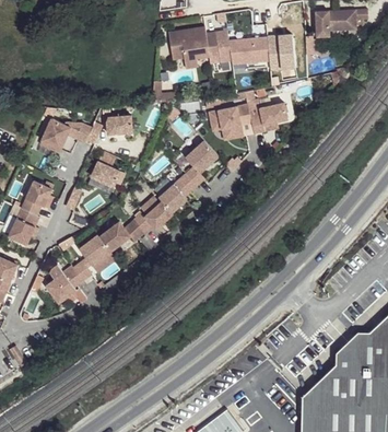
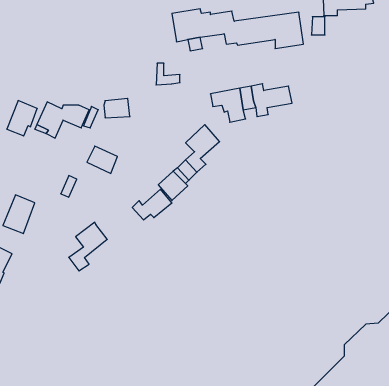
building: [20,180,49,214] -> [7,101,37,136]
building: [97,220,143,250] -> none
building: [45,266,81,303] -> none

